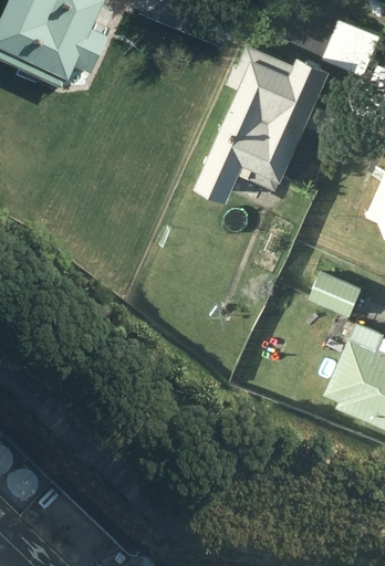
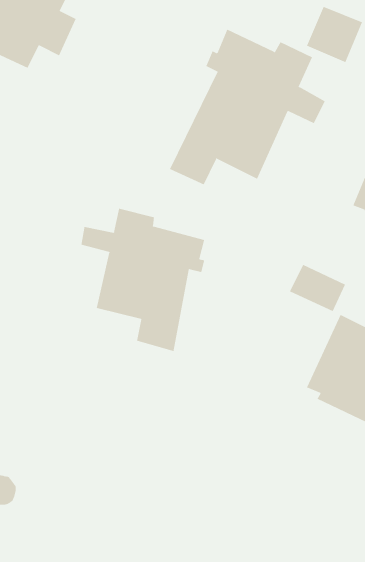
building: none -> [81,208,205,352]

